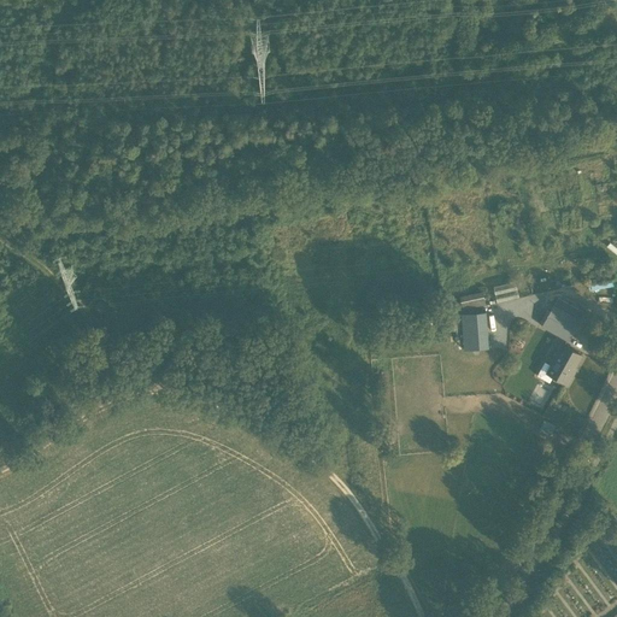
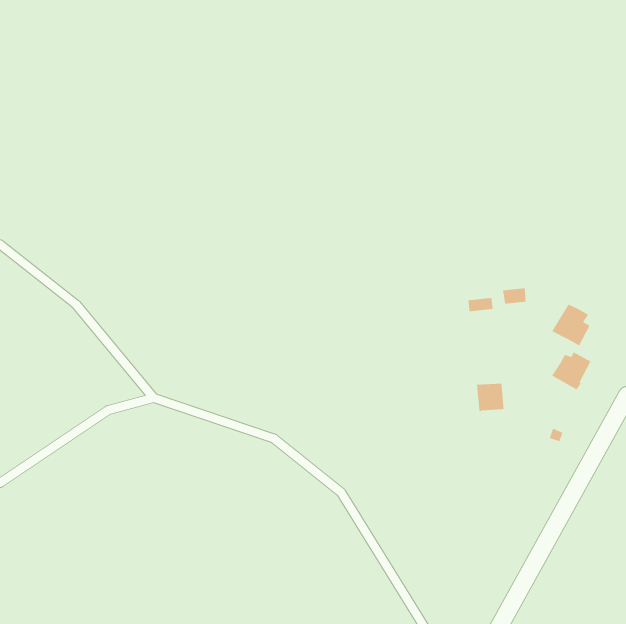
building: [462,315,489,343] -> [476,383,504,412]

